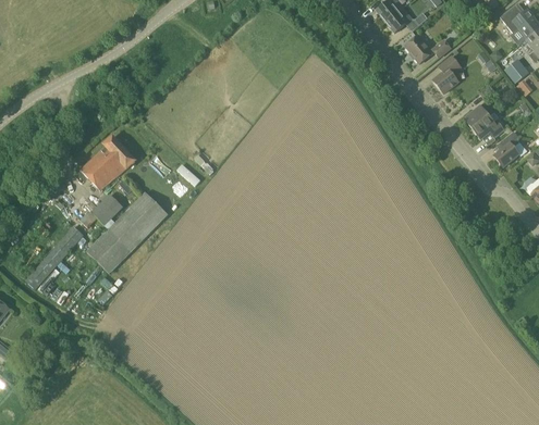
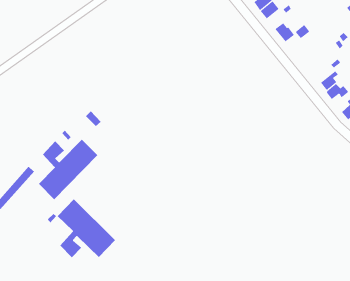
building: [433,55,461,92] -> none
building: [81,136,135,190] -> none
building: none -> [57,199,116,258]

